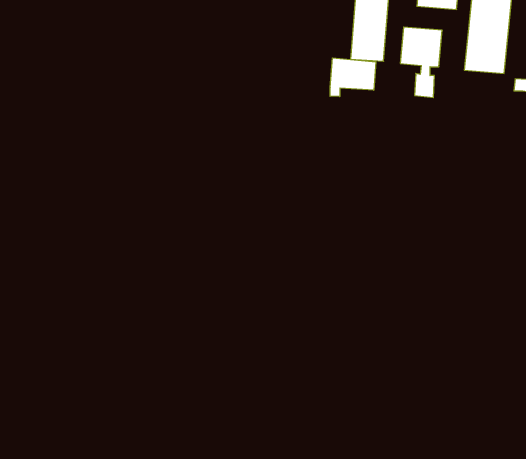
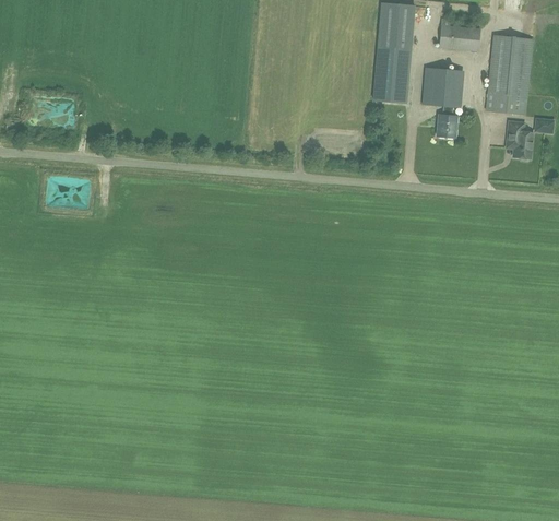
building: [330,58,376,97] -> none
building: none -> [507,121,533,159]

